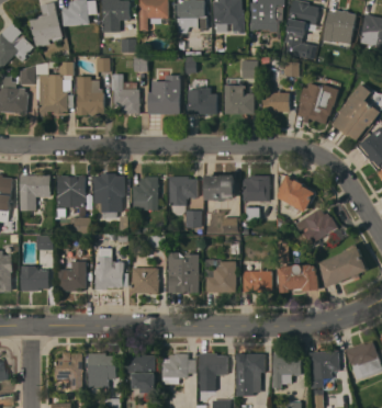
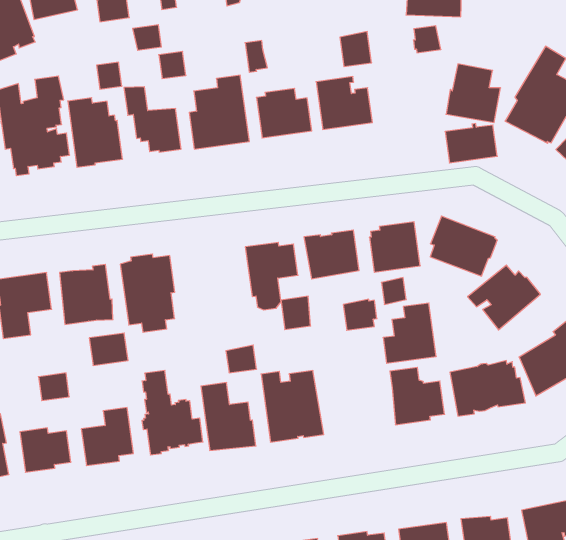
building: [261,91,290,112] -> [445,124,497,163]
building: [132,177,158,211] -> none
building: [206,261,236,293] -> [383,303,436,363]

